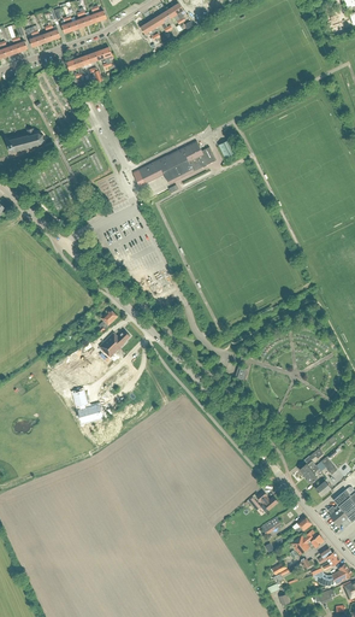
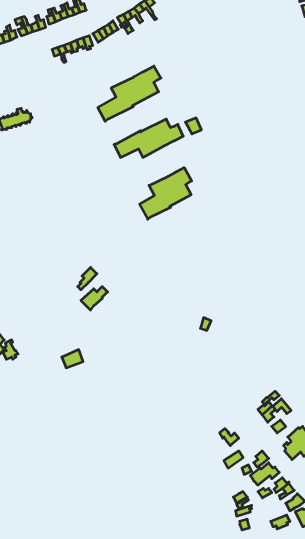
building: none -> [98,66,161,121]
building: none -> [140,168,192,219]

